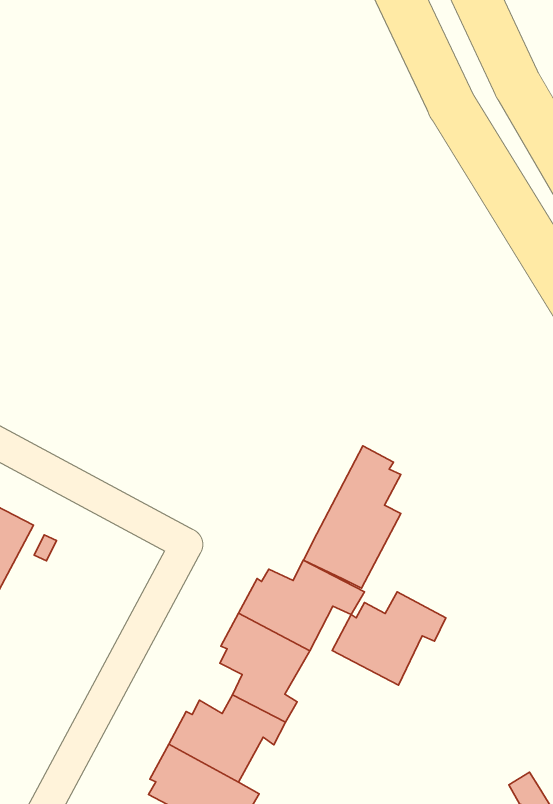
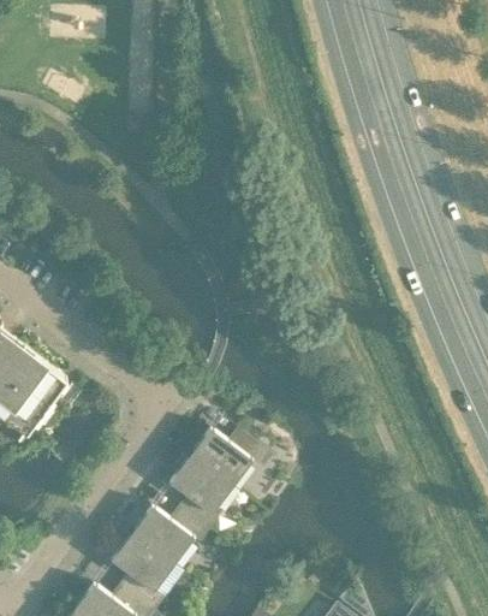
building: [303,446,401,588] -> none
building: [332,592,446,685] -> none

